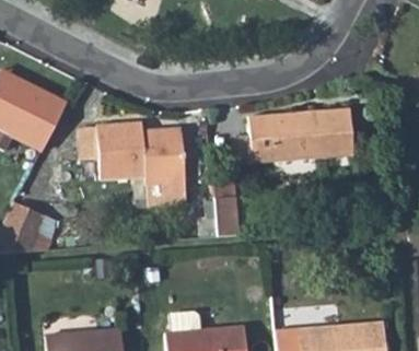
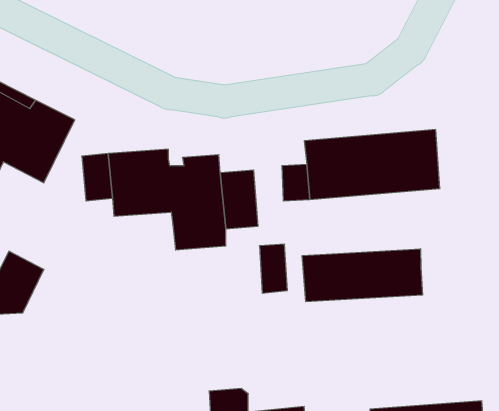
building: none -> [302,249,423,302]

